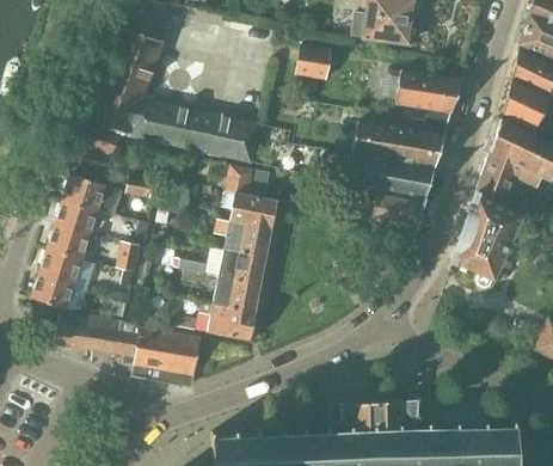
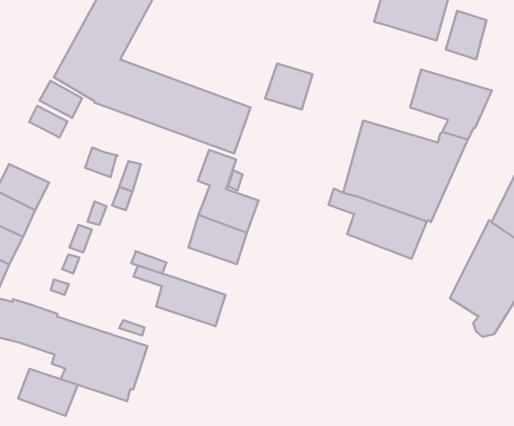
building: none -> [446,11,487,59]
building: [296,45,333,81] -> [265,64,312,109]
building: [64,174,109,211] -> none
building: [220,250,269,286] -> none
building: [203,303,258,342] -> none
building: none -> [18,369,78,416]

